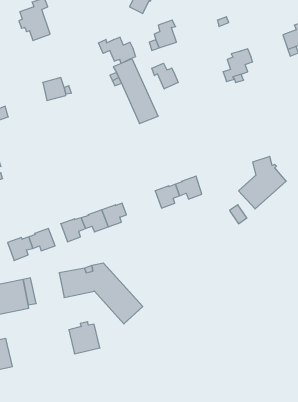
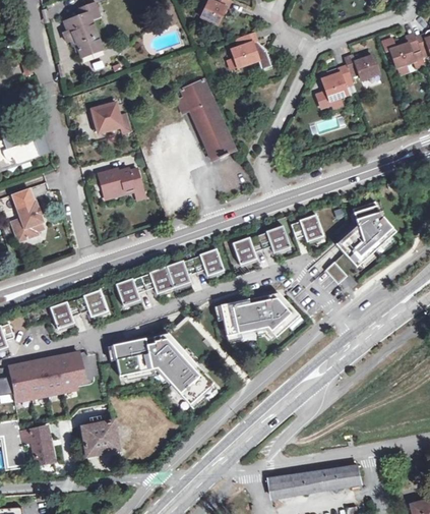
building: [99,37,136,63] -> none
building: none -> [344,56,379,80]
building: [152,63,178,89] -> none
building: none -> [100,168,144,199]
building: none -> [291,214,323,242]
building: none -> [191,248,224,277]
building: none -> [220,292,298,336]
building: [69,322,100,354] -> [80,417,119,457]
building: none -> [268,464,362,498]

